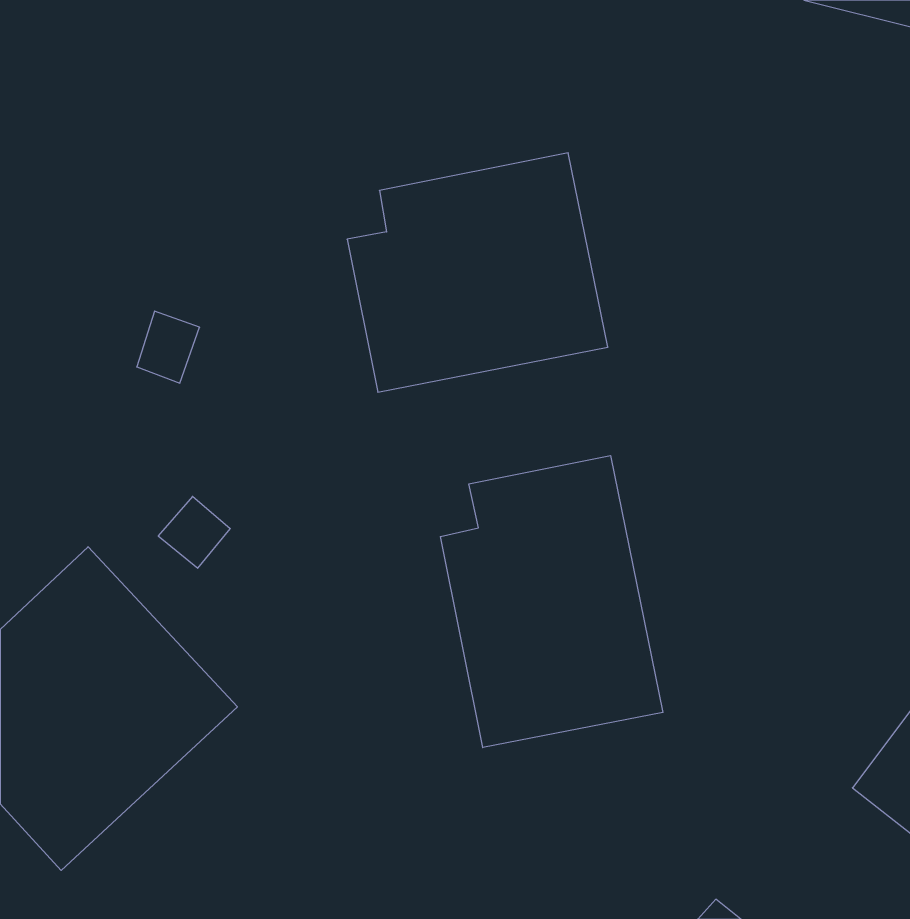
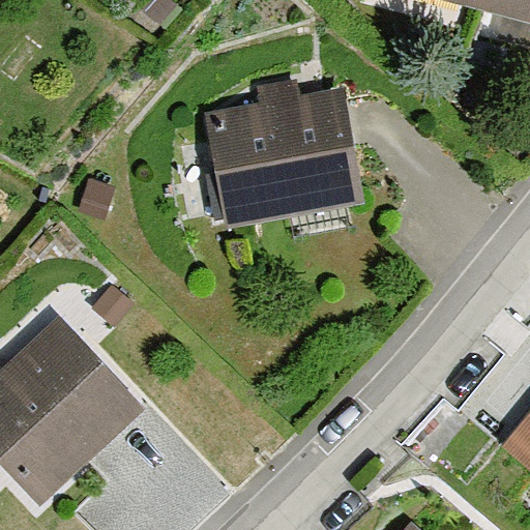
building: [440,456,663,748] -> none

